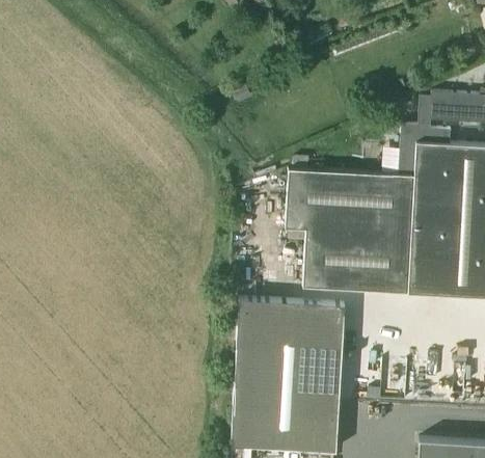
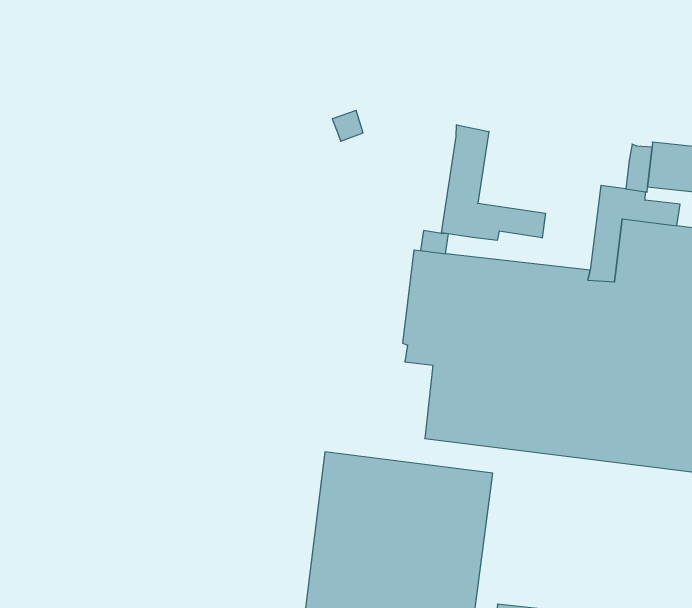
building: none -> [442,125,545,240]

